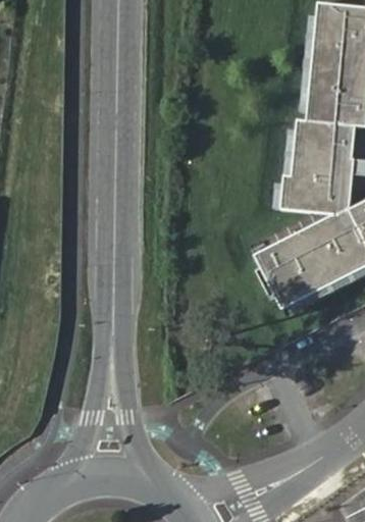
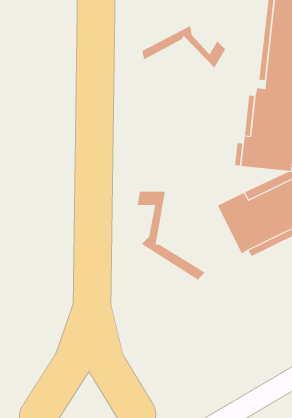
building: none -> [142,25,226,69]
building: none -> [137,191,206,280]

